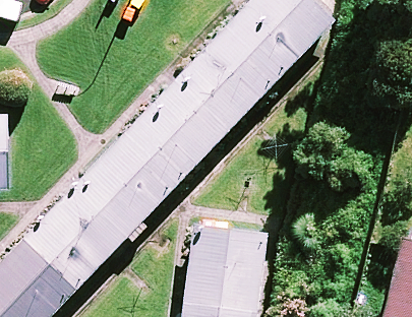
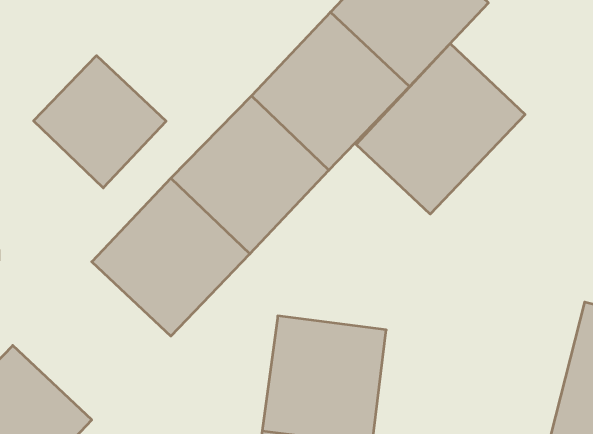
building: none -> [356,44,525,214]
building: none -> [34,56,166,188]
building: [23,188,127,292] -> none

